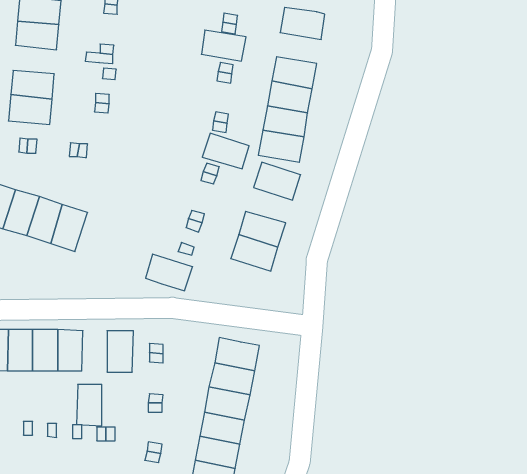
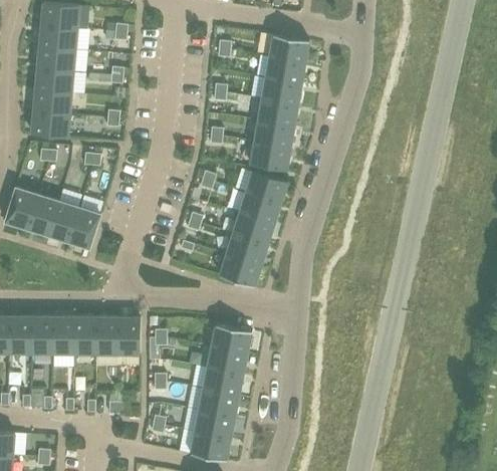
building: [201,30,246,61] -> [266,56,305,83]
building: none -> [35,67,73,92]
building: [202,133,249,169] -> [239,192,280,223]
building: [146,254,193,291] -> [220,254,261,286]
building: [77,384,102,426] -> [95,317,117,354]

